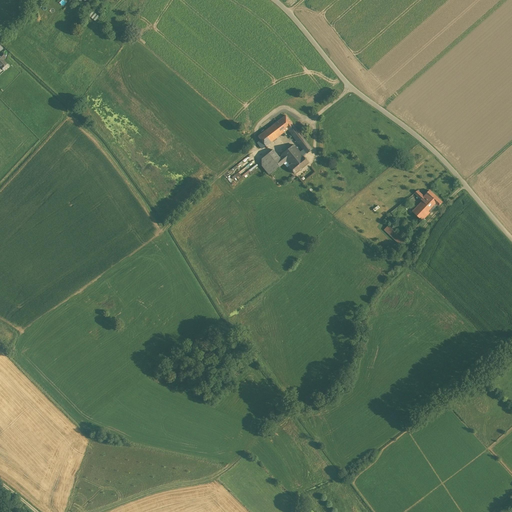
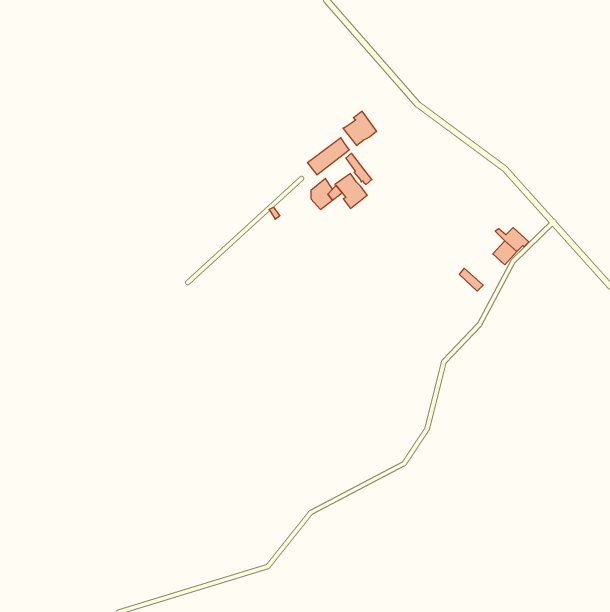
building: none -> [343,111,377,146]

